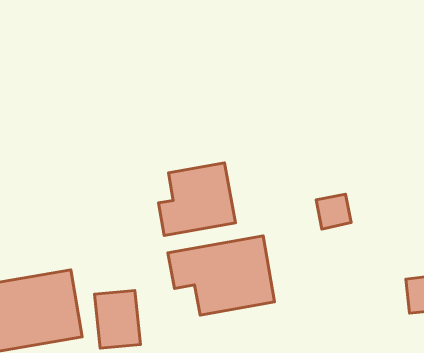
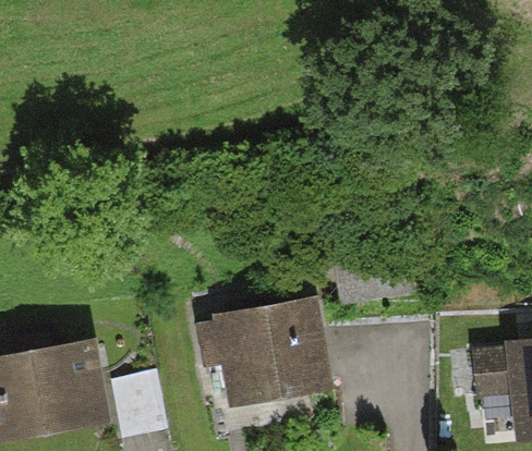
building: [158,163,236,236] -> none

